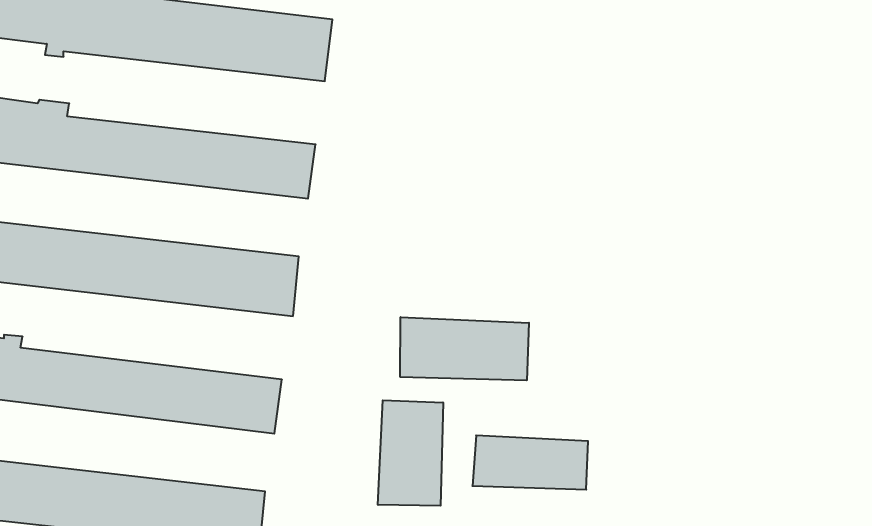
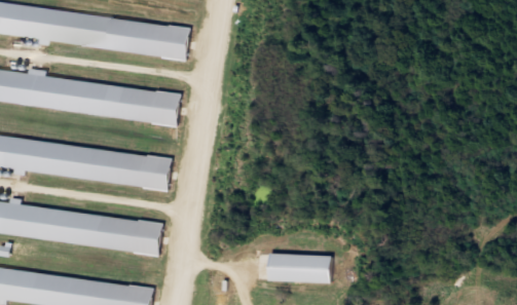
building: [400,317,529,380] -> none
building: [378,400,443,506] -> none

